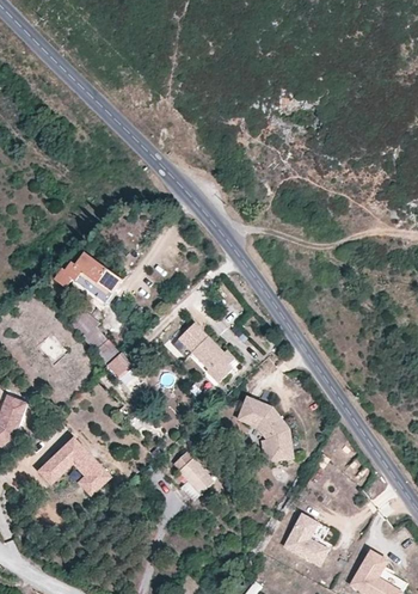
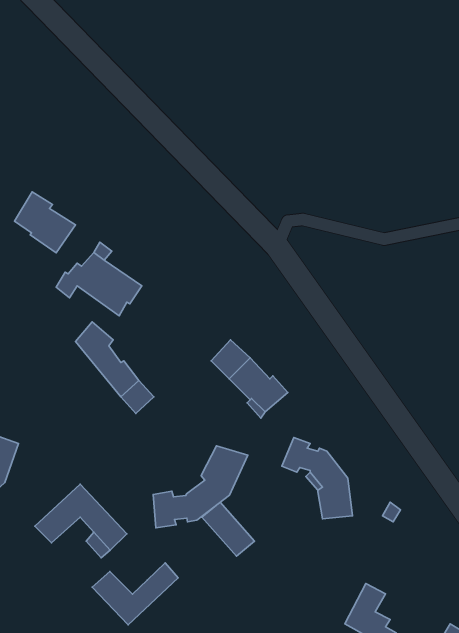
building: none -> [15,192,76,253]
building: none -> [153,446,248,528]
building: none -> [92,563,178,625]

